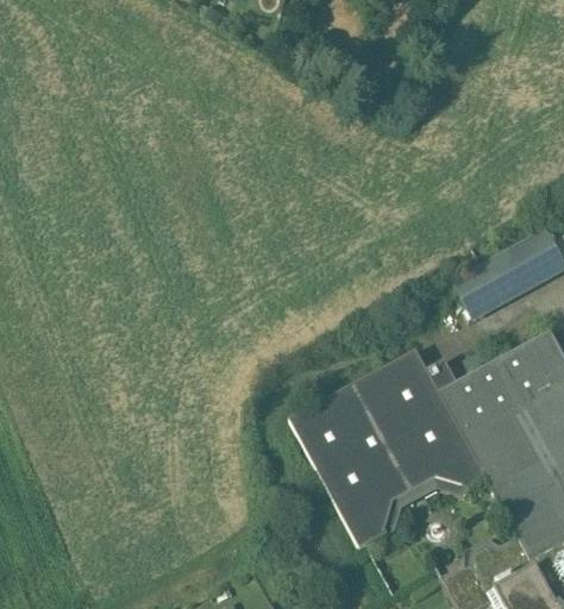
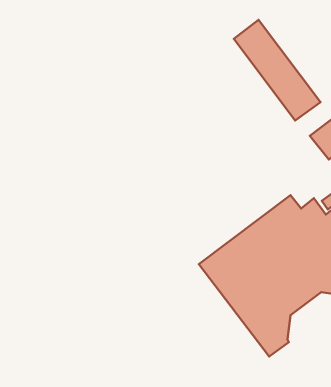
building: none -> [234,20,321,121]

